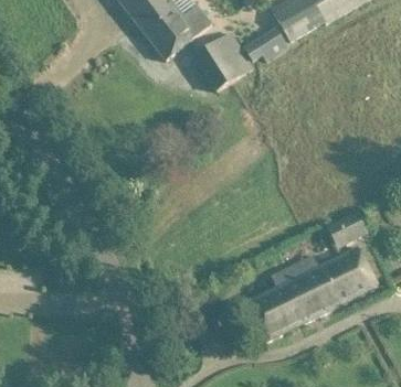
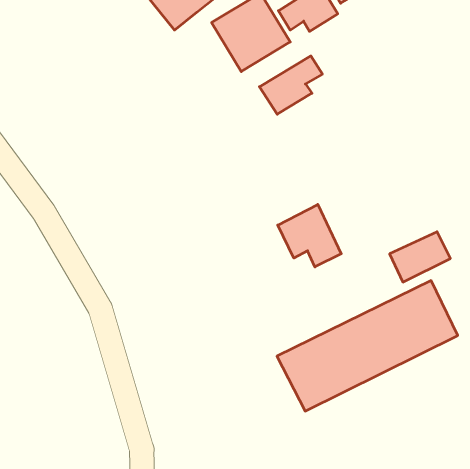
building: none -> [259,56,322,114]
building: none -> [278,204,341,267]

